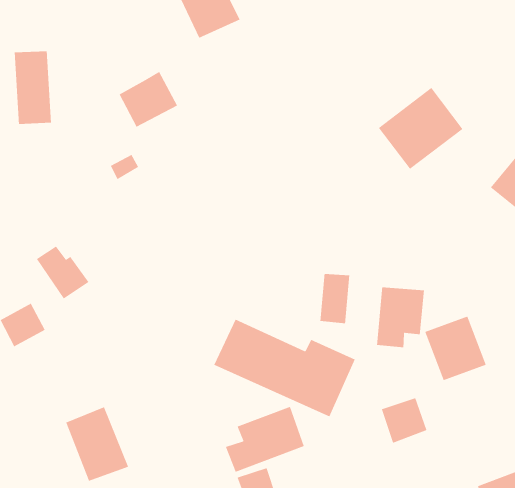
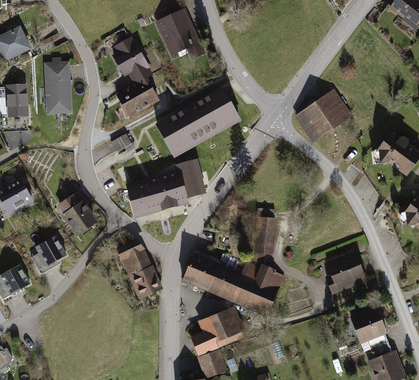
building: none -> [112,39,150,83]
building: none -> [156,89,238,156]
building: none -> [126,160,202,216]
building: [376,287,425,348] -> none
building: [381,397,427,444] -> [352,309,384,341]
building: [65,406,129,482] -> [115,245,159,297]

